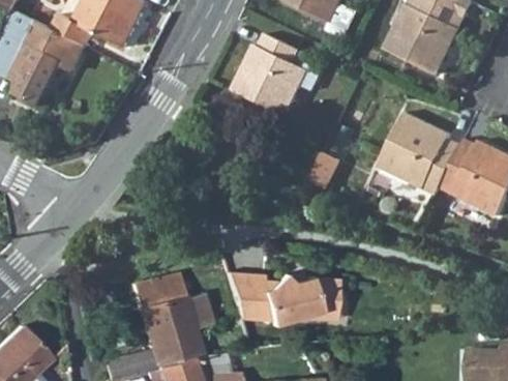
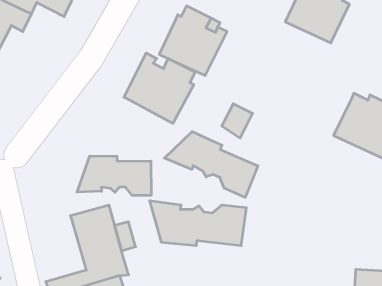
building: none -> [124,53,195,123]
building: [384,115,464,197] -> none
building: none -> [164,132,258,197]
building: none -> [77,156,151,195]

